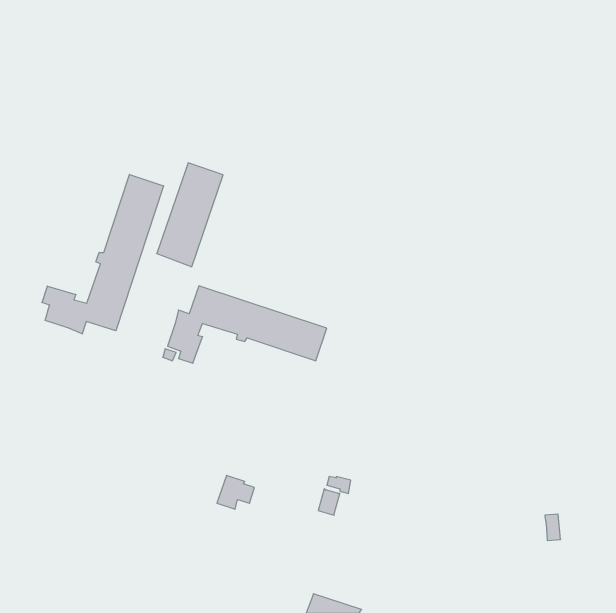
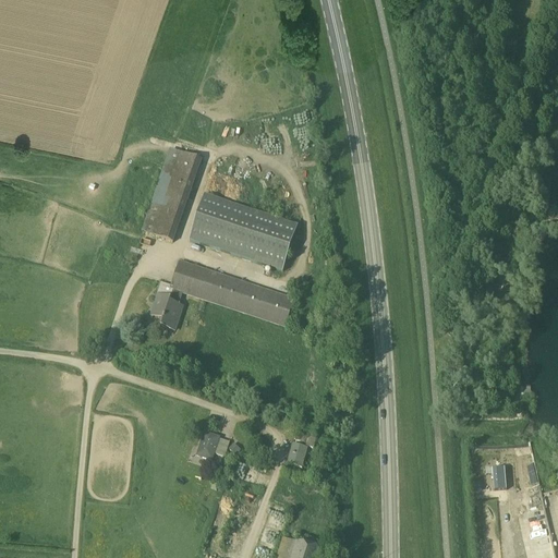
building: [42,174,164,334] -> none
building: none -> [190,192,299,269]

